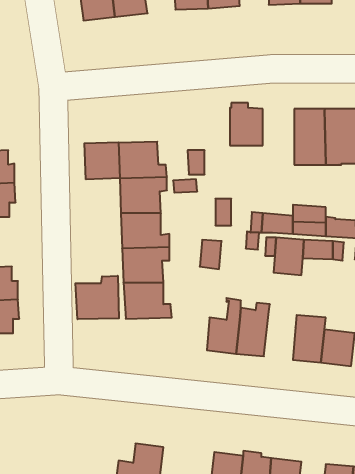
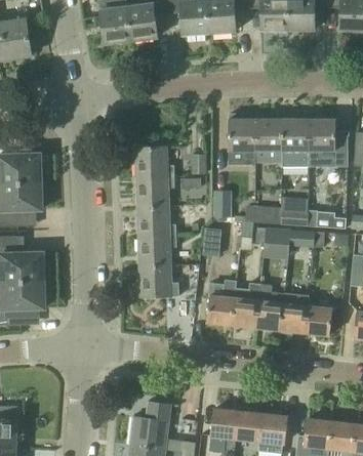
building: none -> [255,119,282,150]
building: [84,142,120,179] -> none
building: [75,276,119,319] -> none
building: none -> [256,284,284,331]

